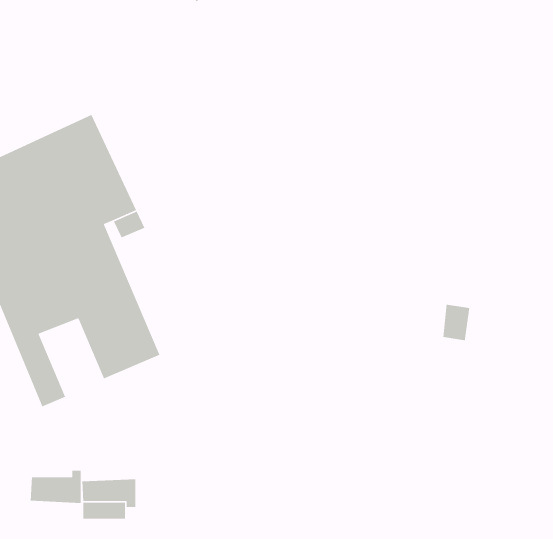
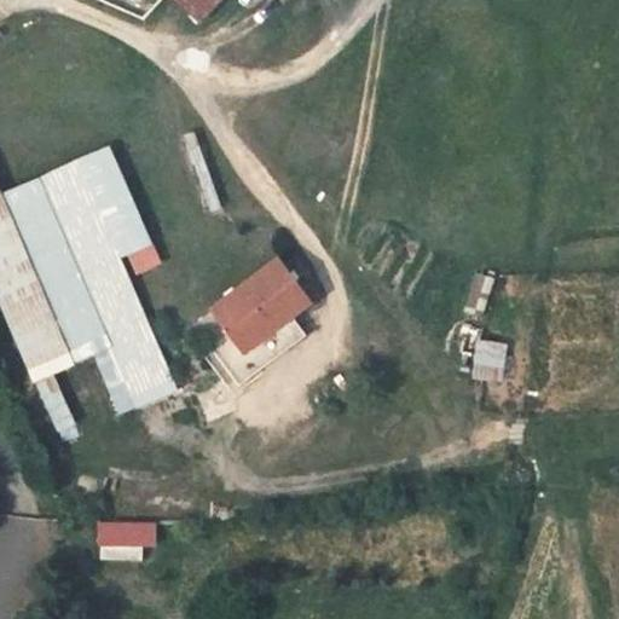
building: none -> [210,261,310,352]
building: [30,470,81,504] -> none

